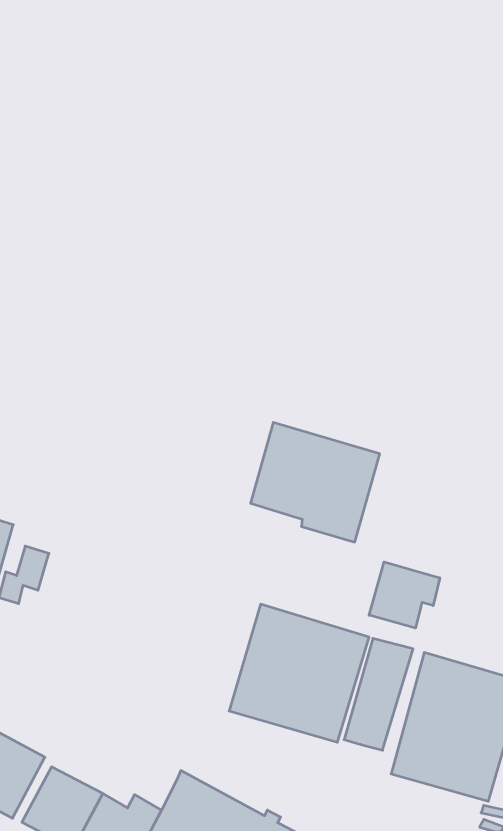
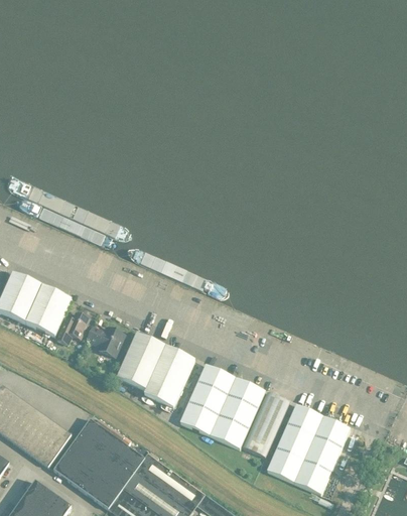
building: [251,422,380,542] -> [117,334,194,408]
building: [369,562,440,628] -> none
building: none -> [87,328,124,358]
building: none -> [74,419,144,475]

